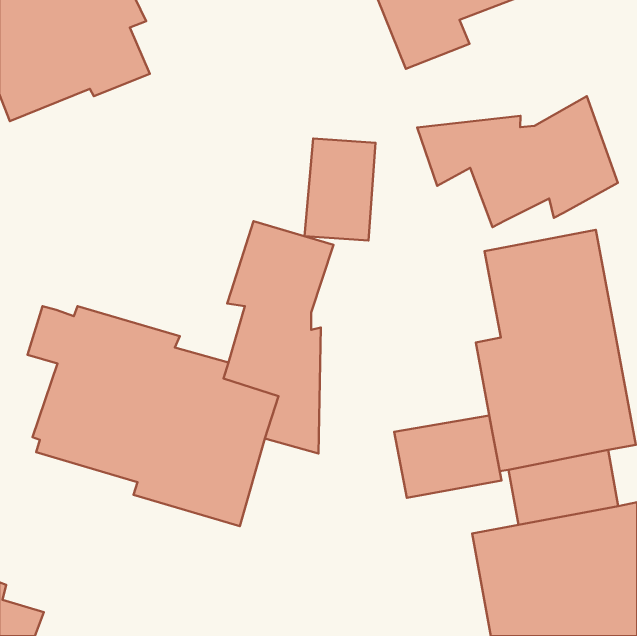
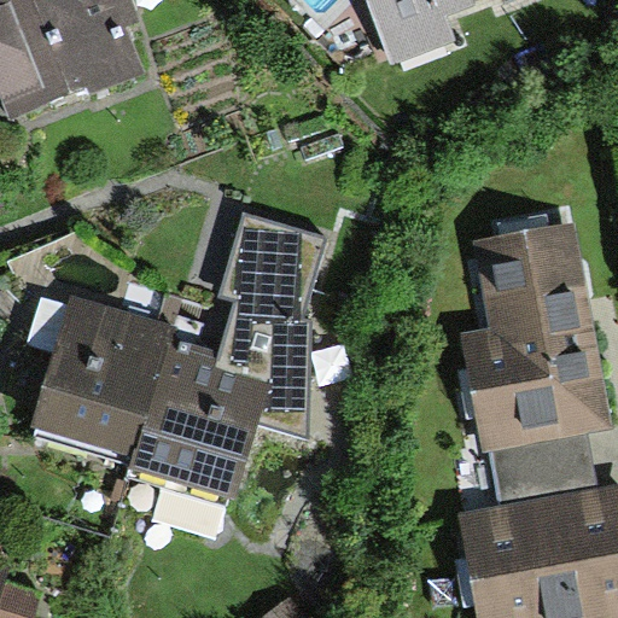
building: [417,96,618,227] -> none
building: [305,139,375,240] -> none
building: [394,416,501,498] -> none

